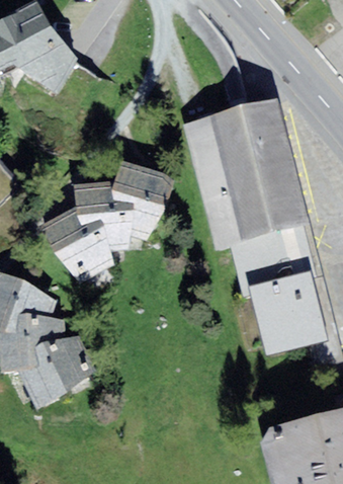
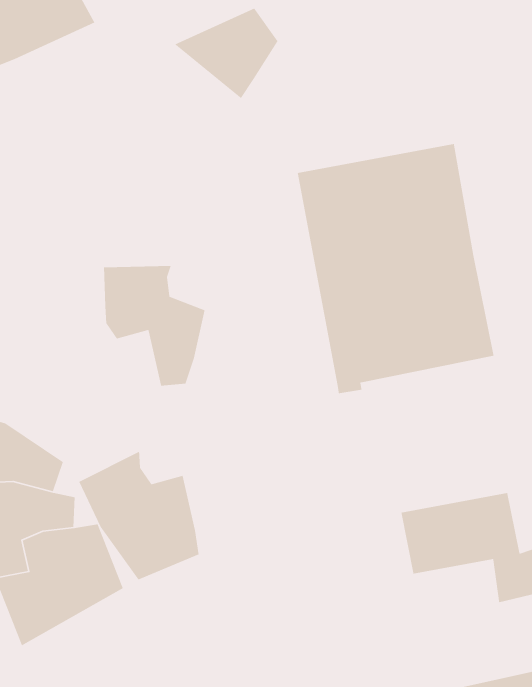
building: [15,38,77,93] -> [174,7,278,99]
building: [112,160,175,240] -> none
building: [40,206,114,283] -> [78,450,200,581]
building: [230,222,321,318] -> none

